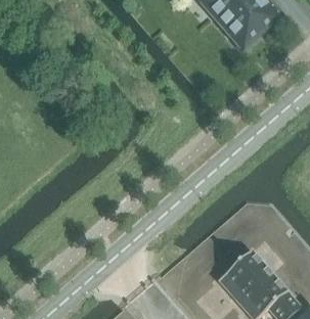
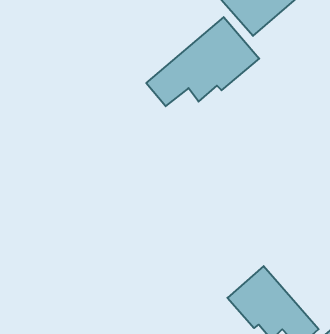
building: none -> [146,17,259,106]

